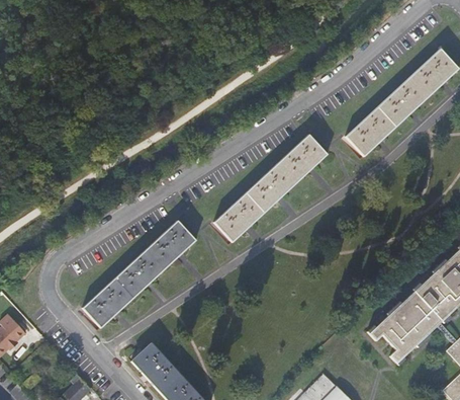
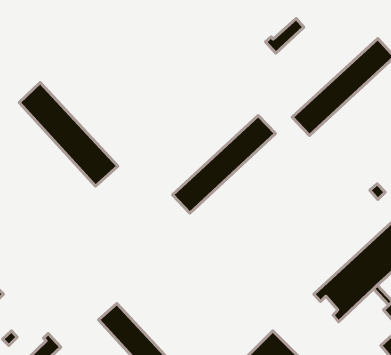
building: none -> [265,18,304,53]
building: none -> [19,83,118,186]
building: [83,219,196,327] -> none

